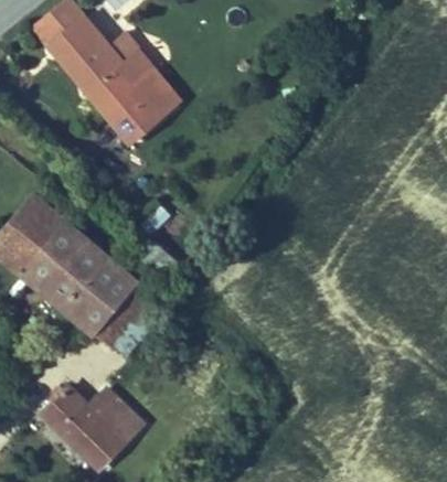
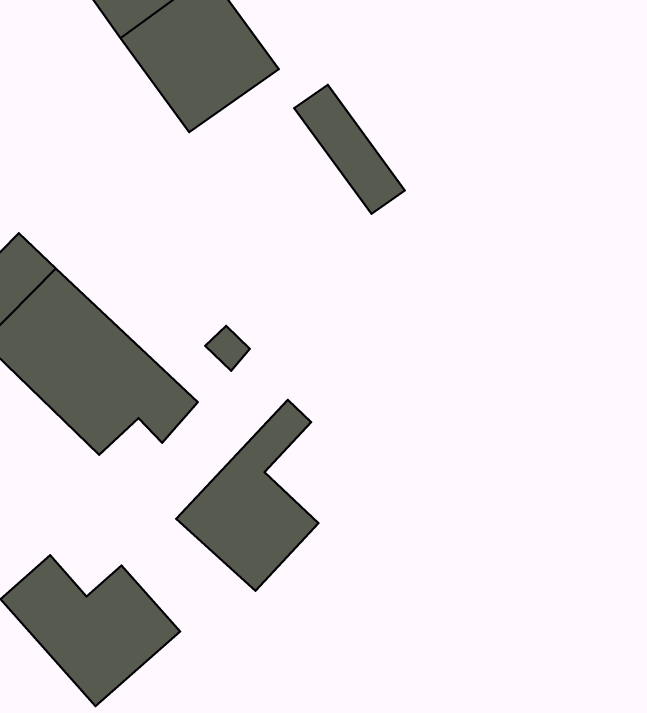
building: none -> [294,85,405,214]
building: none -> [176,400,319,591]

